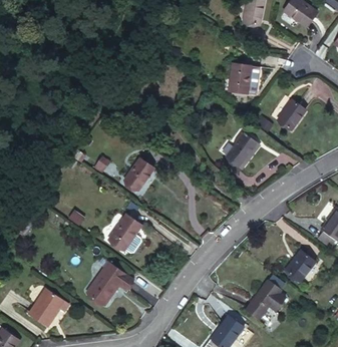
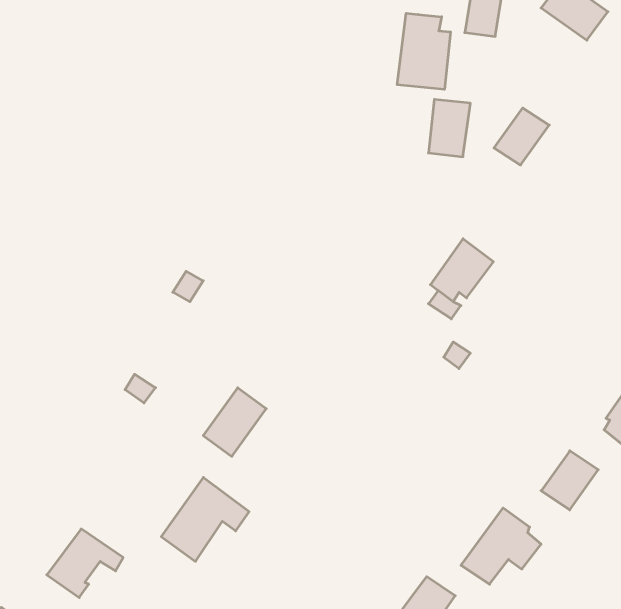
building: none -> [397,13,451,89]
building: [275,100,304,130] -> [494,108,549,165]
building: [124,158,154,191] -> none

